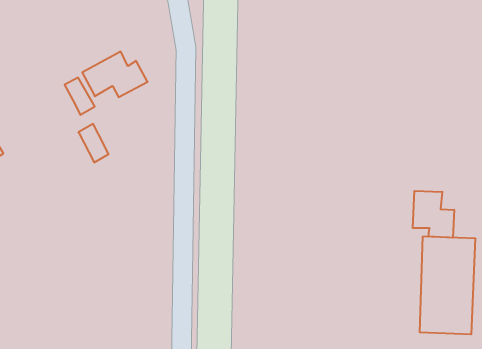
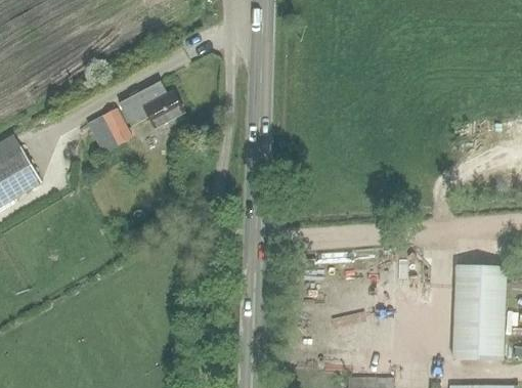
building: [78,124,109,162] -> [87,115,117,153]
building: [413,191,454,238] -> none

